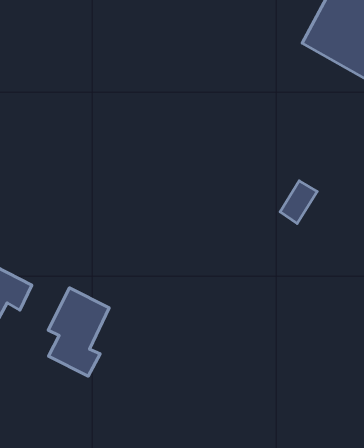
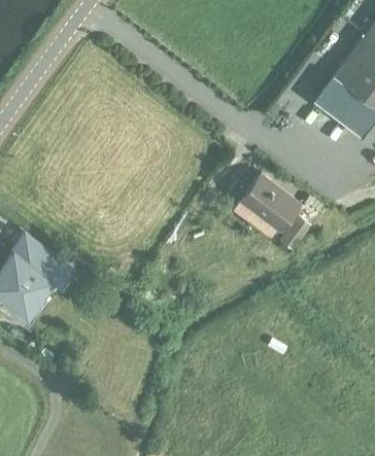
building: none -> [231,174,298,230]
building: [48,288,109,376] -> none

